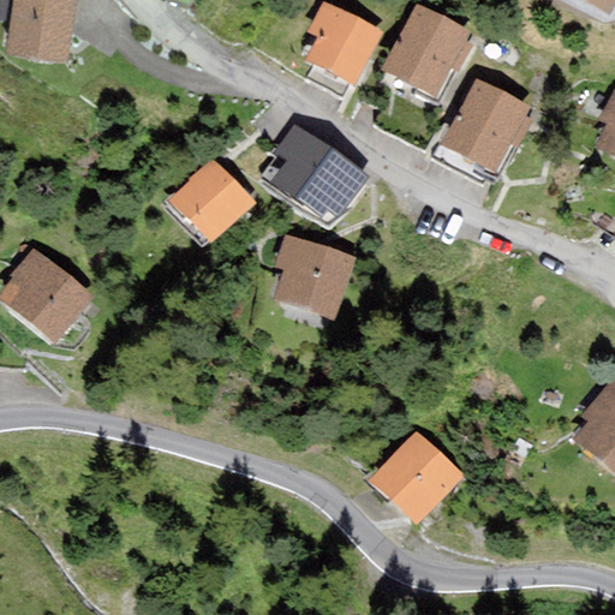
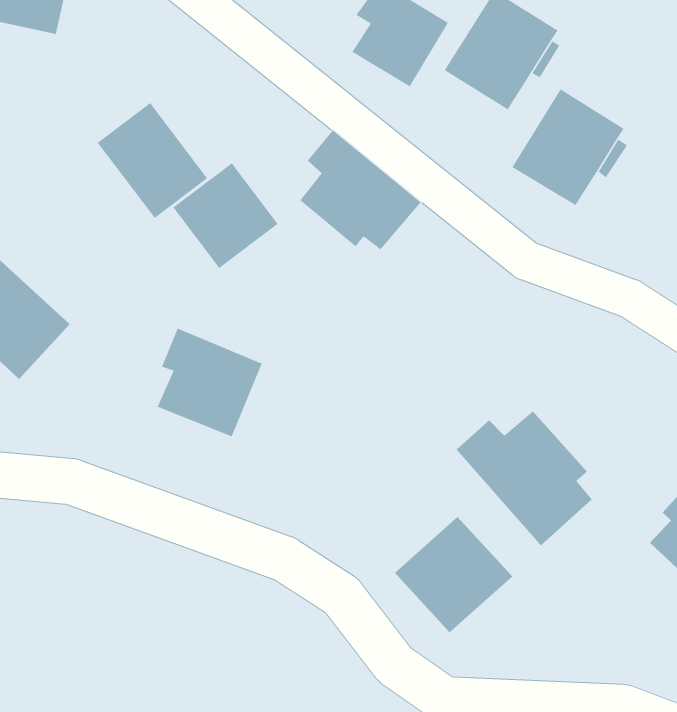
building: none -> [97,102,208,219]
building: [273,233,356,318] -> [157,328,263,437]
building: none -> [456,410,592,546]

